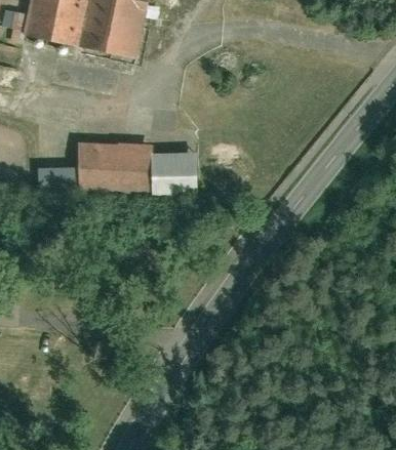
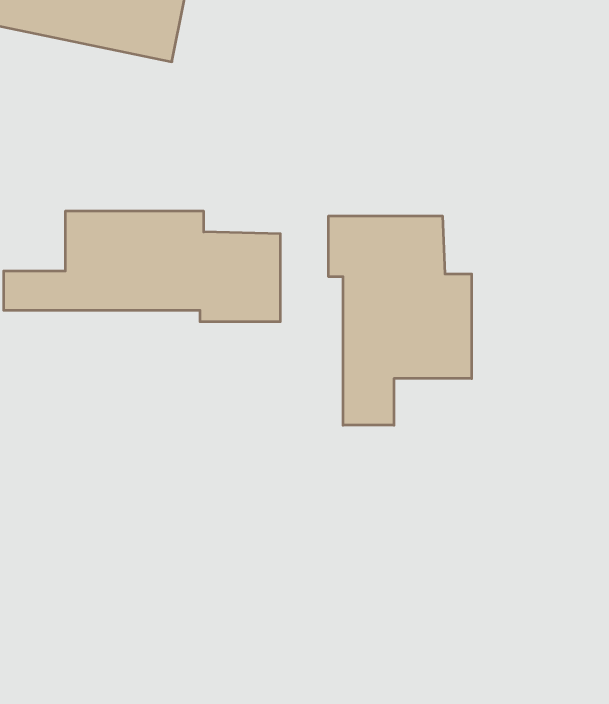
building: none -> [329,216,472,425]

